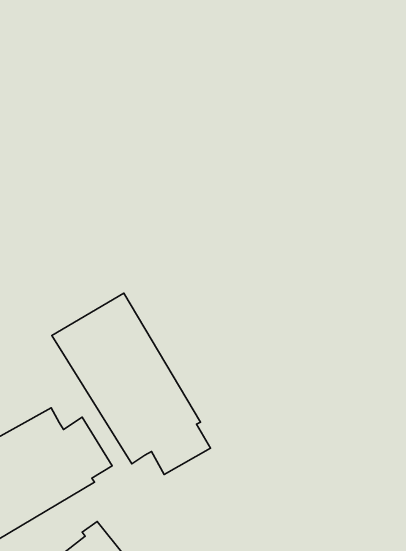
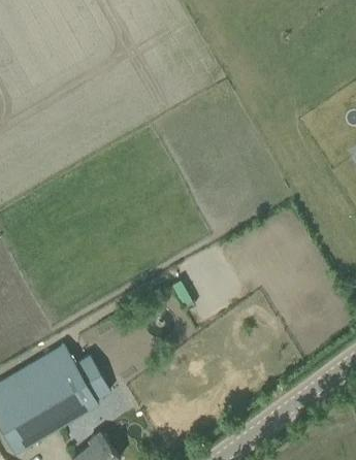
building: [52,293,210,475] -> none

